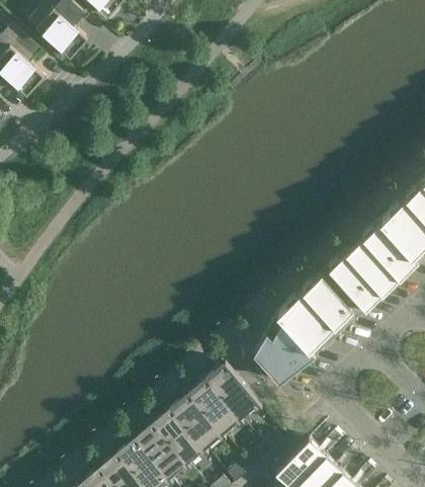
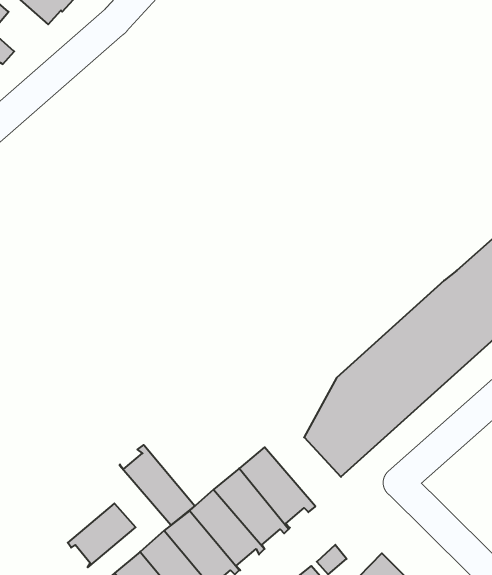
building: none -> [120,445,195,525]
building: none -> [68,503,136,567]

